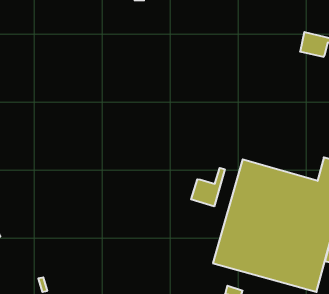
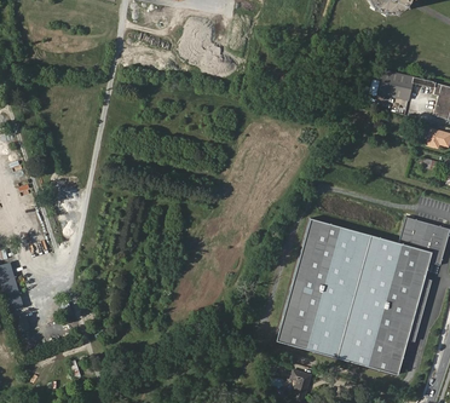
building: [191,168,225,206] -> none

